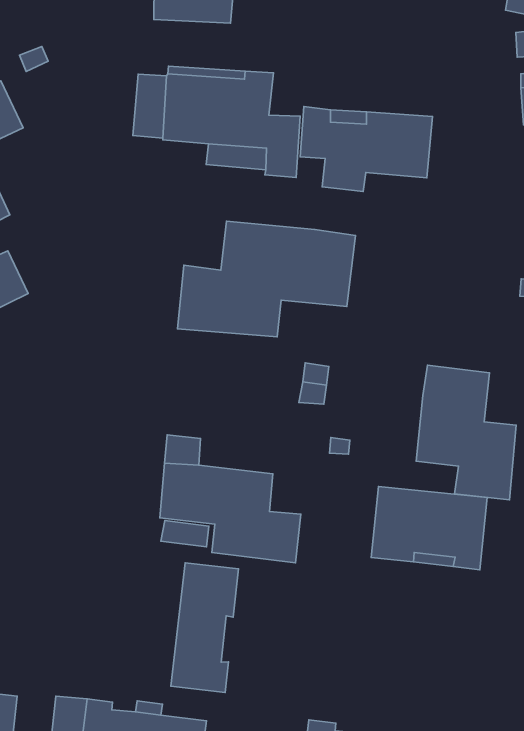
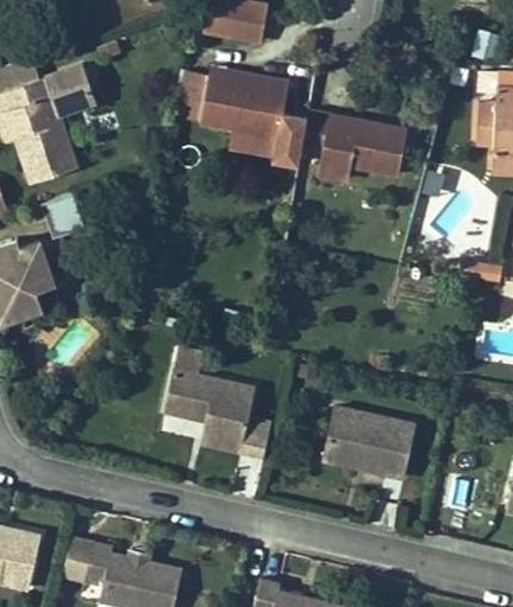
building: [177,221,355,337] -> none
building: [416,365,516,500] -> none
building: [171,563,239,692] -> none

